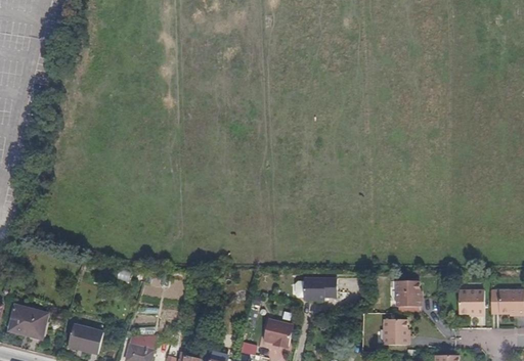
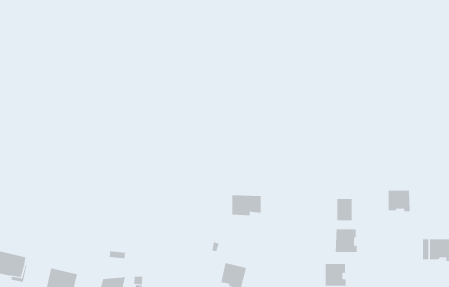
building: none -> [337,198,352,221]
building: [303,278,337,302] -> [231,195,261,216]
building: [458,291,484,316] -> [388,190,411,212]

